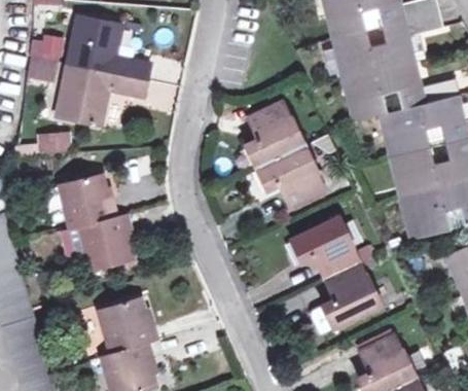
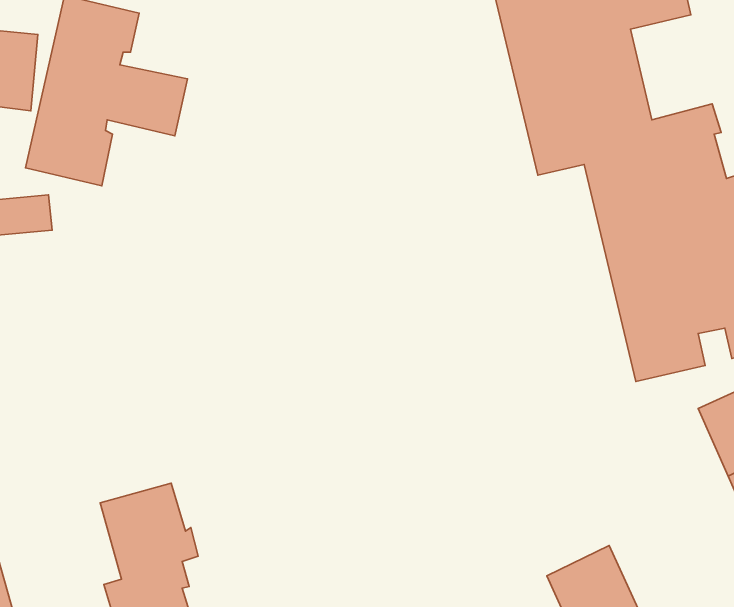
building: [246,101,324,206] -> none
building: [59,173,132,270] -> none
building: [291,217,380,333] -> none

